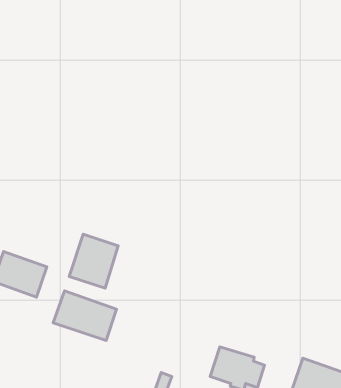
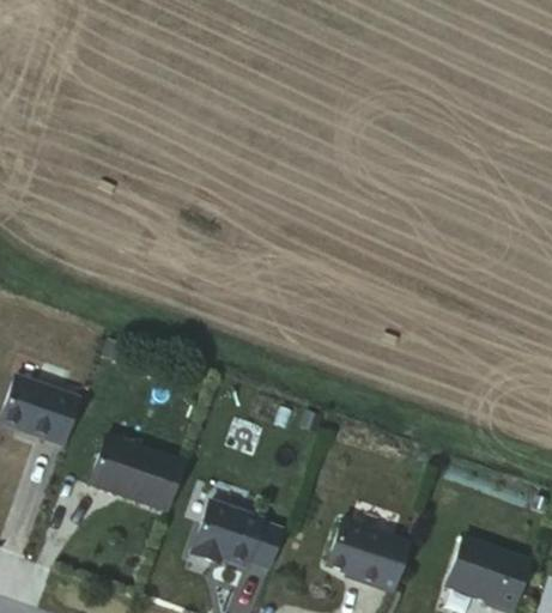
building: [69,234,118,288] -> none
building: none -> [193,500,263,565]

